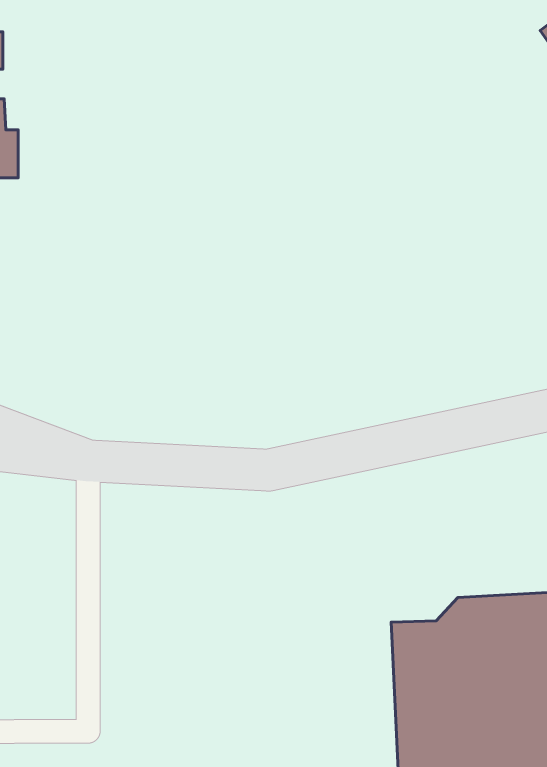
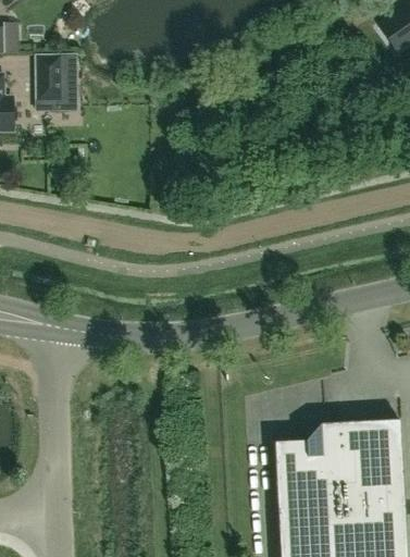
building: none -> [39,55,63,100]

